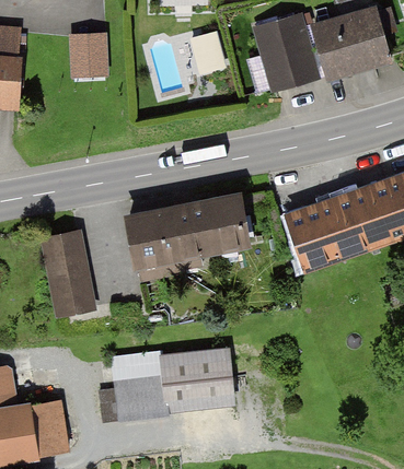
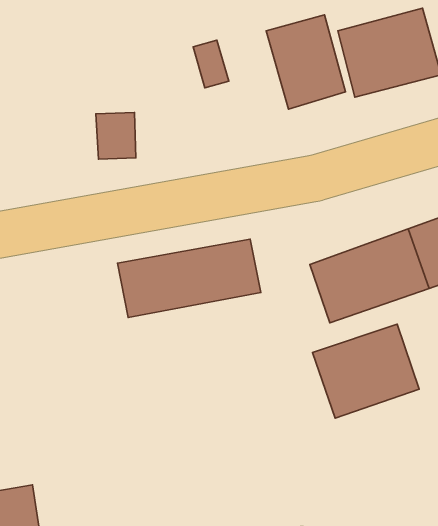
building: [72,36,105,74] -> [96,113,136,159]
building: [45,228,97,312] -> none
building: none -> [313,324,419,418]
building: [100,349,233,419] -> none

